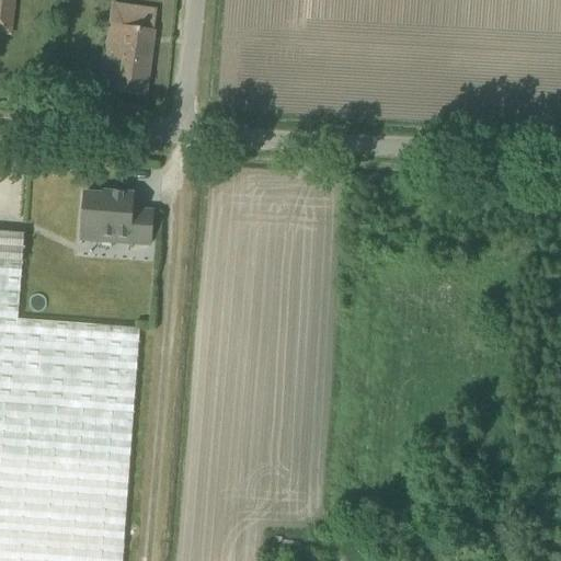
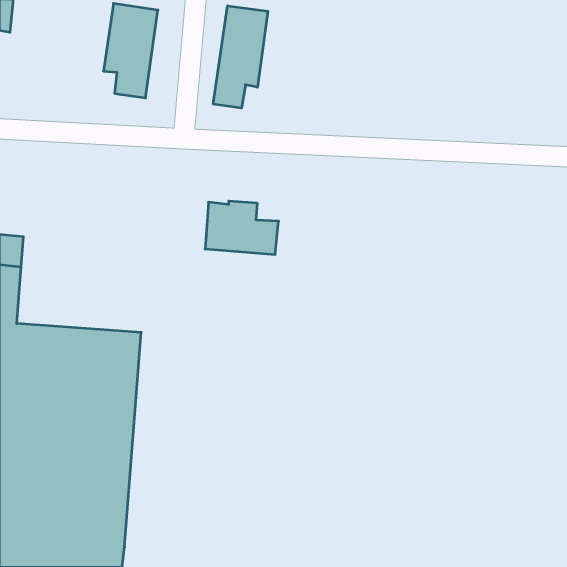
building: none -> [213,6,268,108]
building: [80,192,152,244] -> [205,201,279,254]

